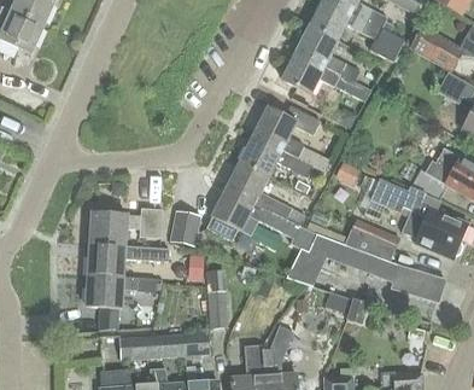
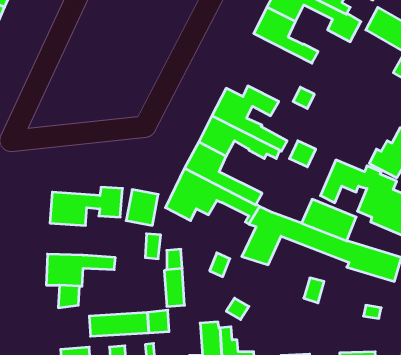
building: [281,51,371,100] -> none
building: [87,243,169,275] -> none

